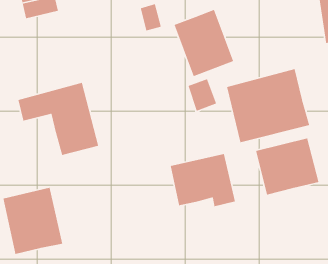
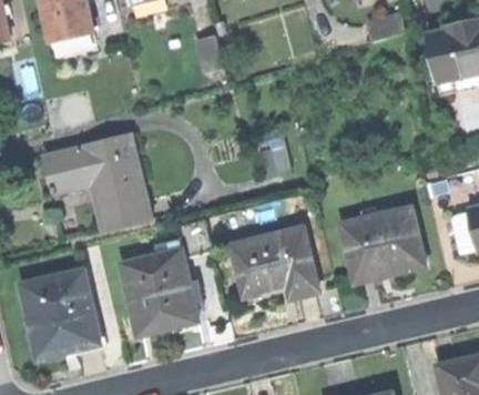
building: [174,9,234,77] -> none
building: [226,68,310,143] -> none
building: none -> [124,237,198,331]

